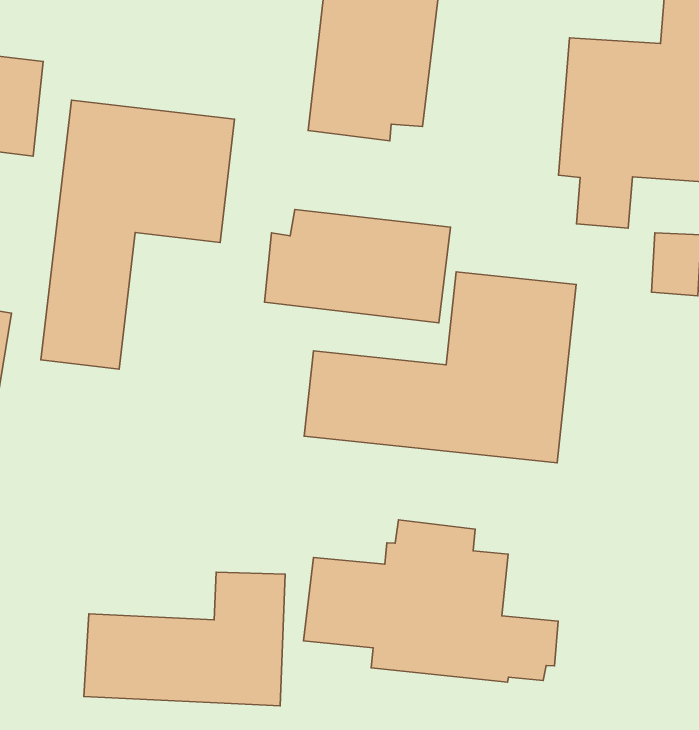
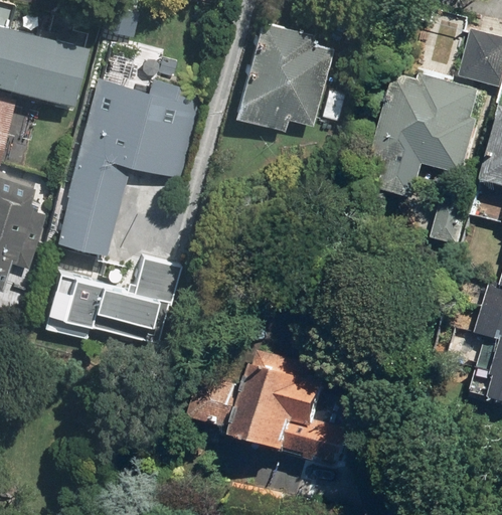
building: [264,210,450,323] -> none
building: [304,272,576,463] -> none
building: [84,572,285,706] -> [51,258,185,345]

